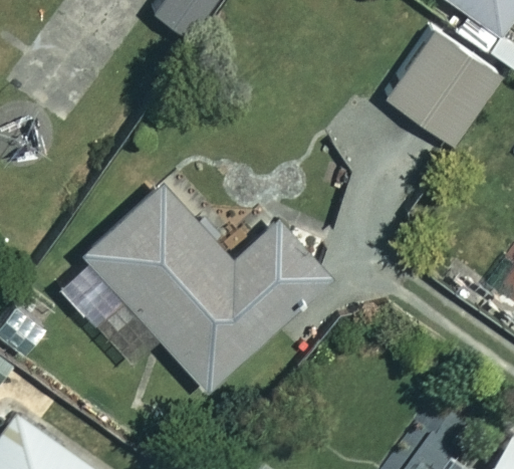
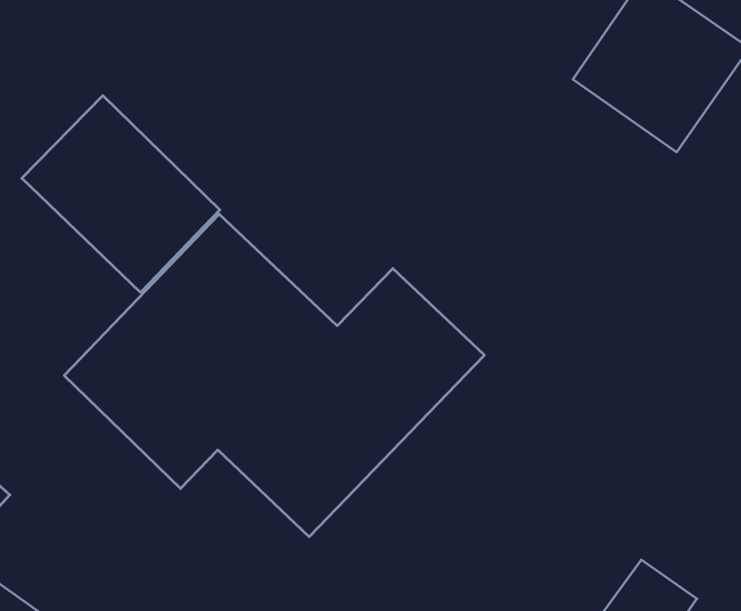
building: none -> [22,96,220,292]

